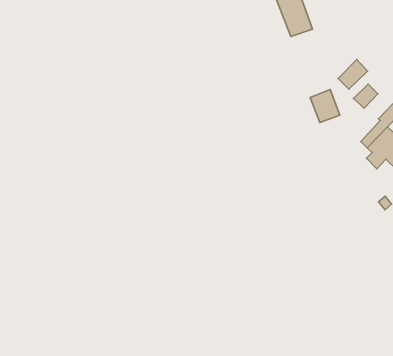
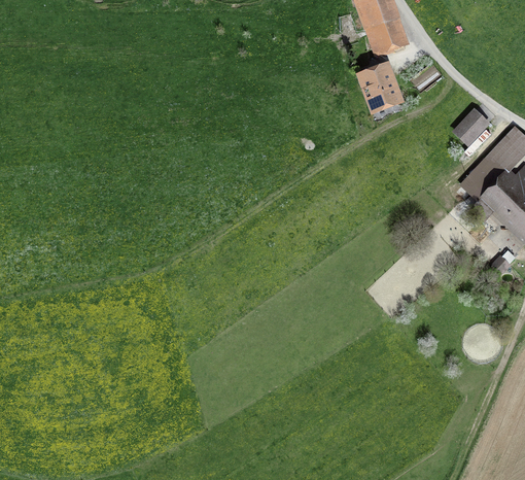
building: [338,60,367,89] -> none
building: [310,89,340,122] -> [360,65,398,107]

